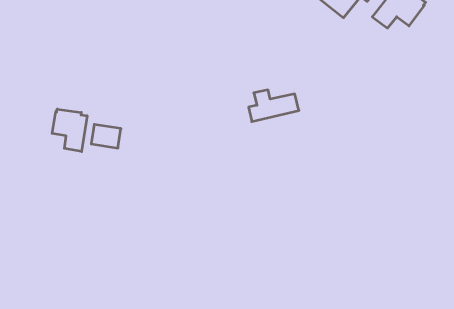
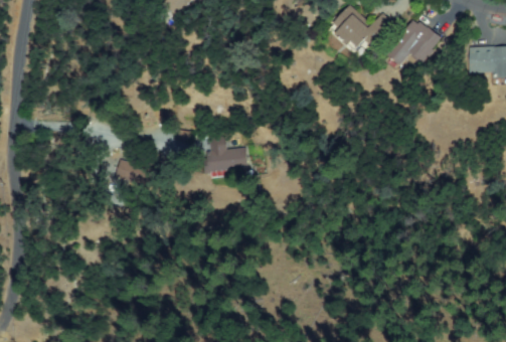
building: [249,90,299,122] -> [199,142,248,173]
building: [52,109,87,152] -> none

